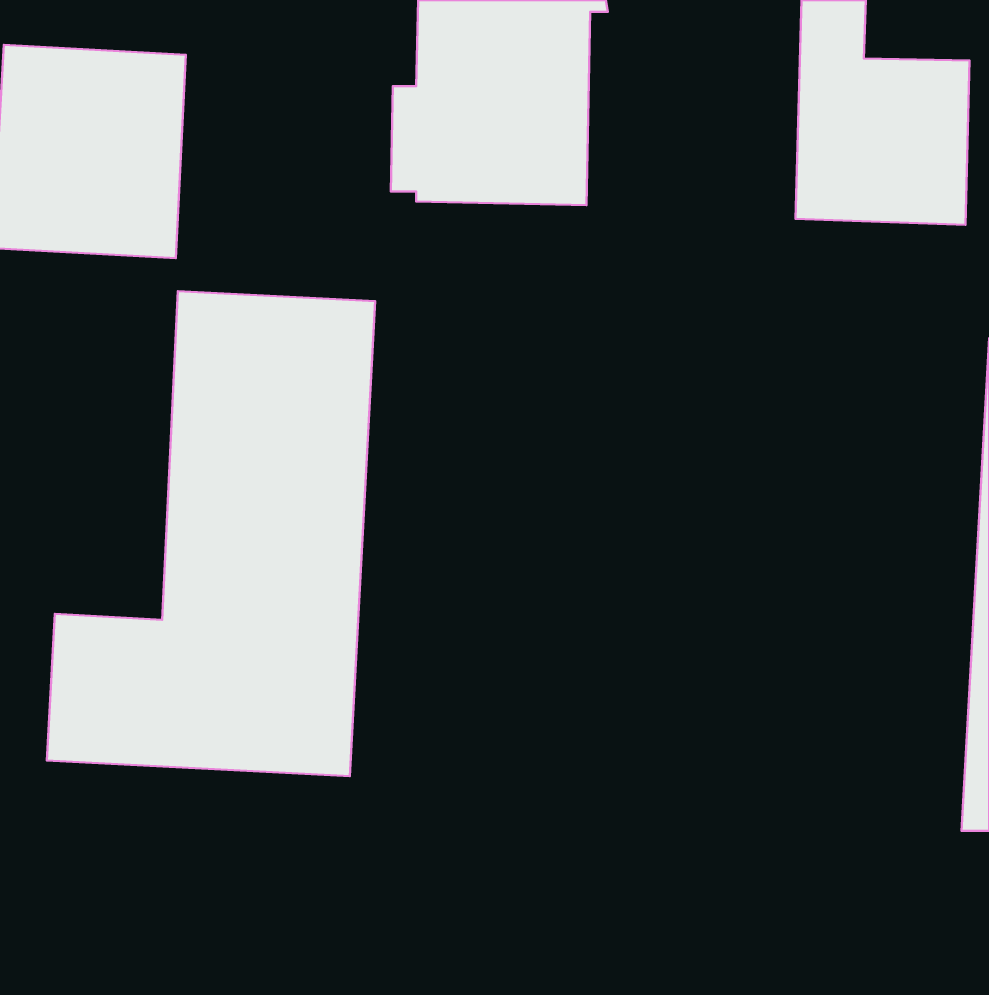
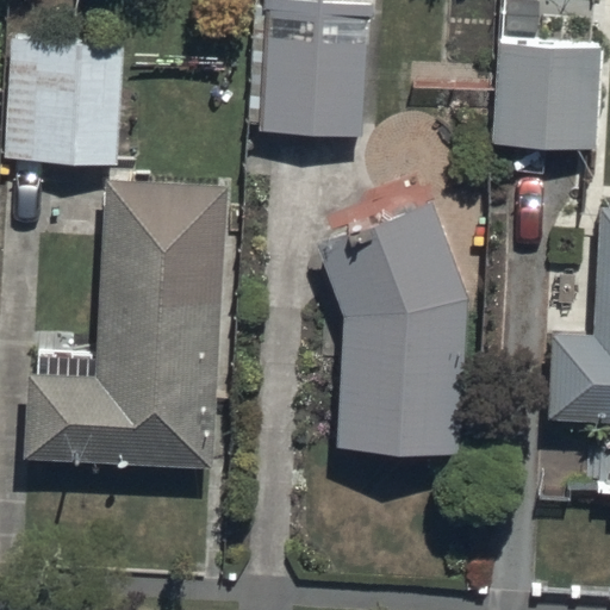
building: none -> [324,210,474,453]

